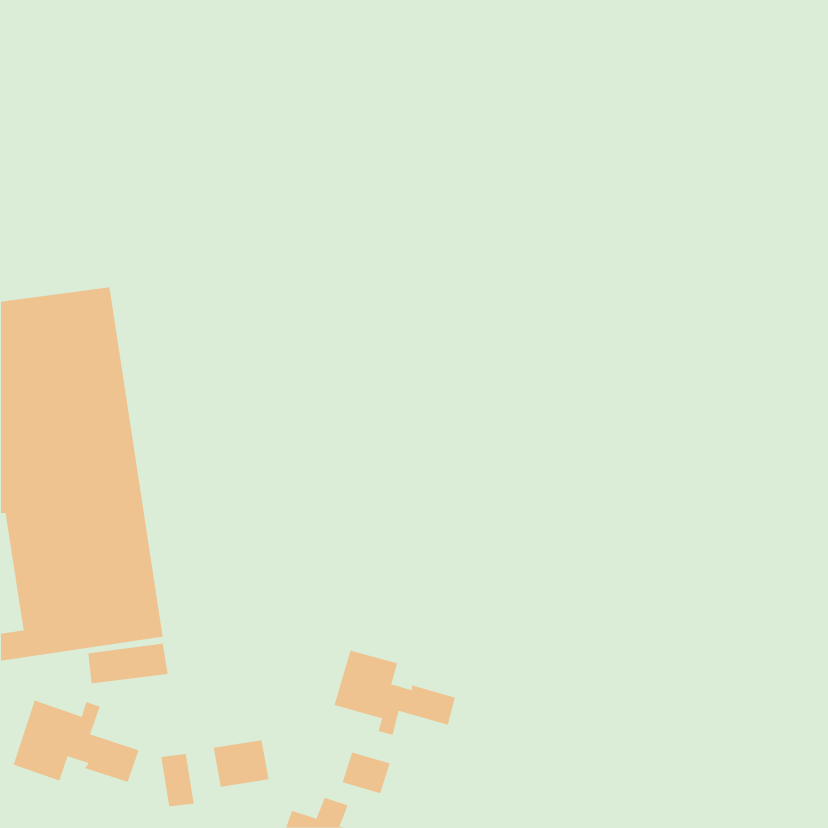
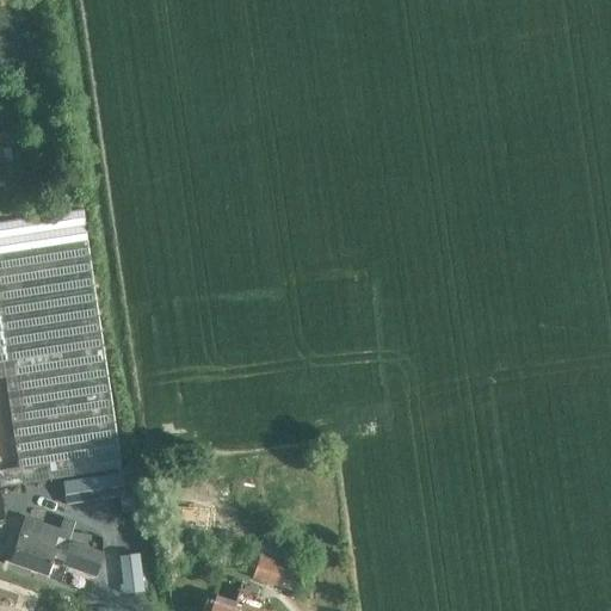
building: [334,650,456,736] -> none
building: [213,739,269,788] -> none

